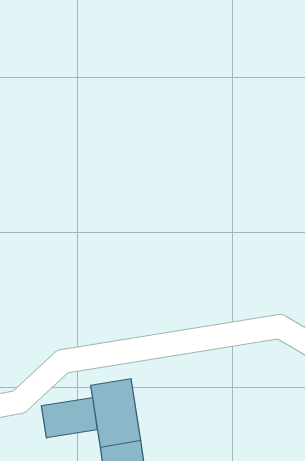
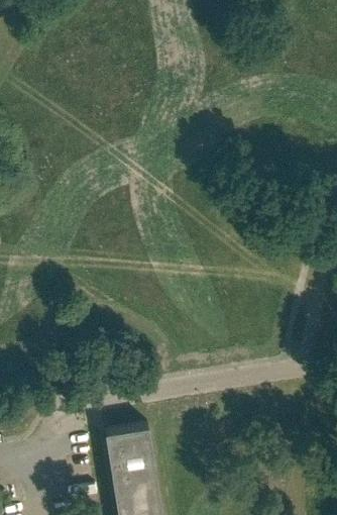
building: [42,398,97,438] -> none

